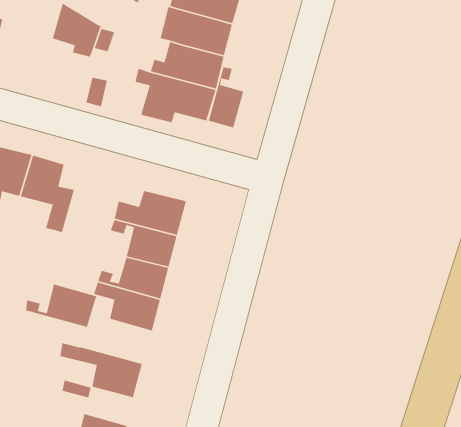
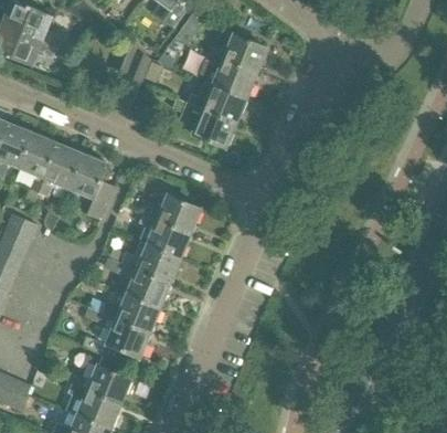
building: [208,66,244,128] -> none
building: [25,283,97,328] -> [102,293,160,331]

